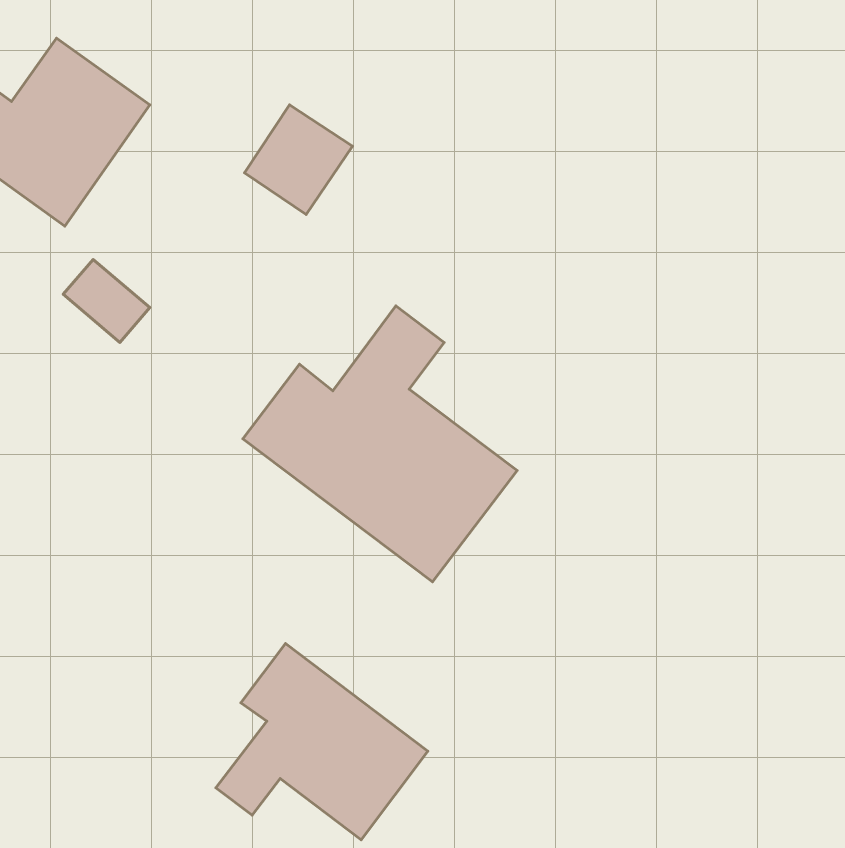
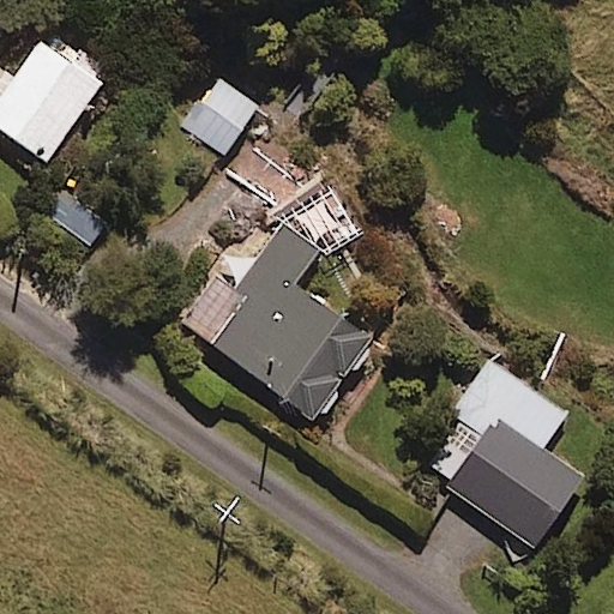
building: none -> [447,360,583,549]
building: [216,643,428,840] -> none

